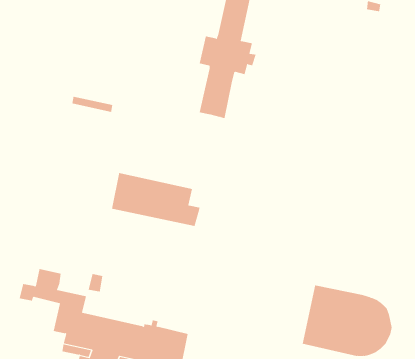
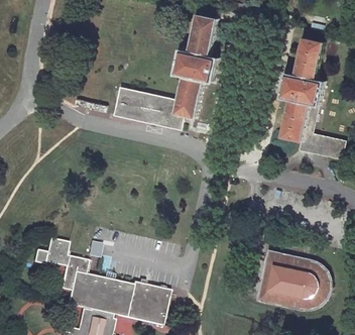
building: none -> [280,37,343,158]
building: [111,172,200,226] -> [112,86,184,129]

